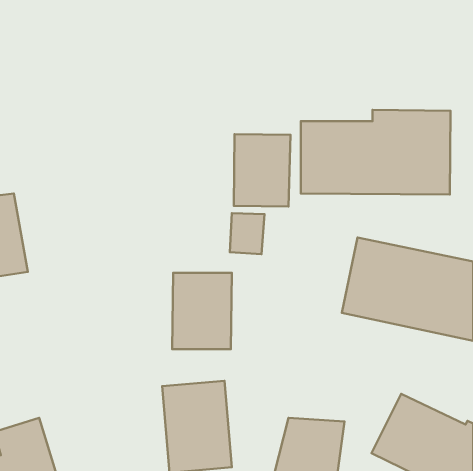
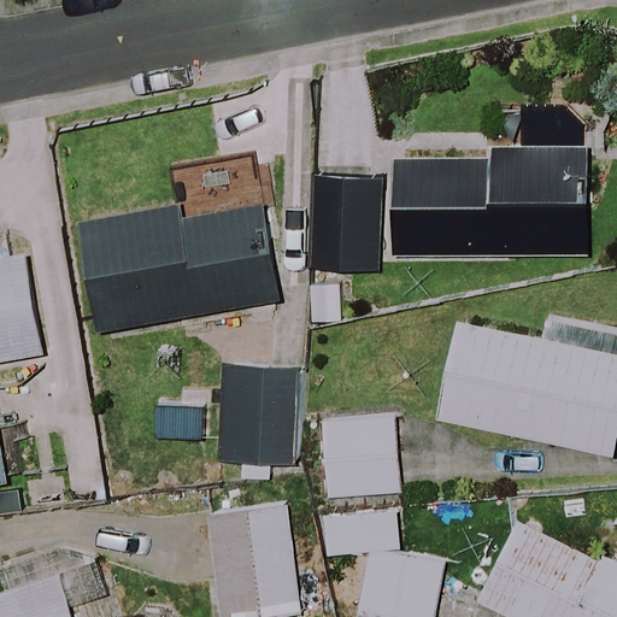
building: none -> [72,202,274,334]
building: none -> [324,416,405,495]

